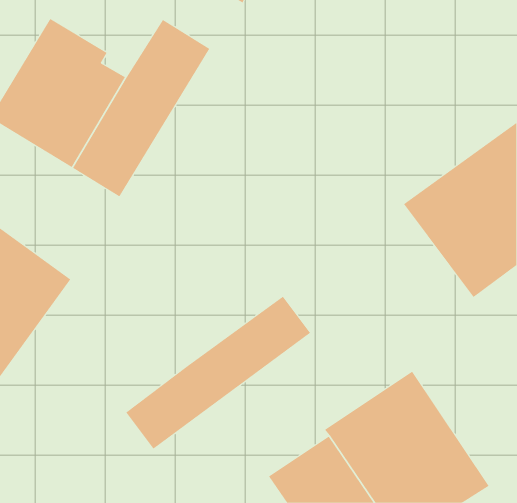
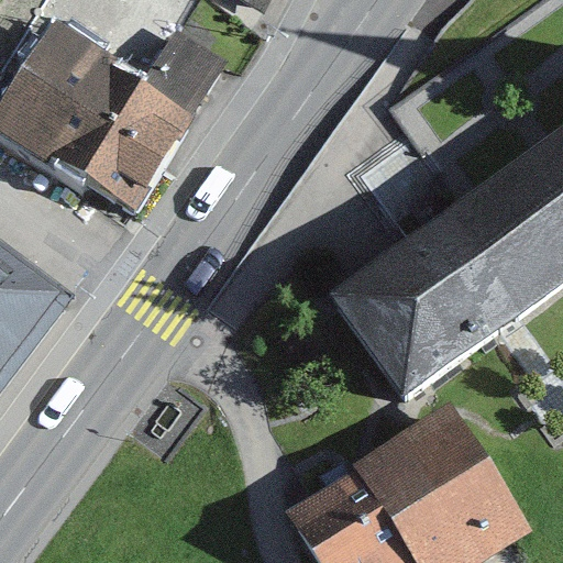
building: none -> [327,221,512,404]
building: [126,296,311,450] -> none

